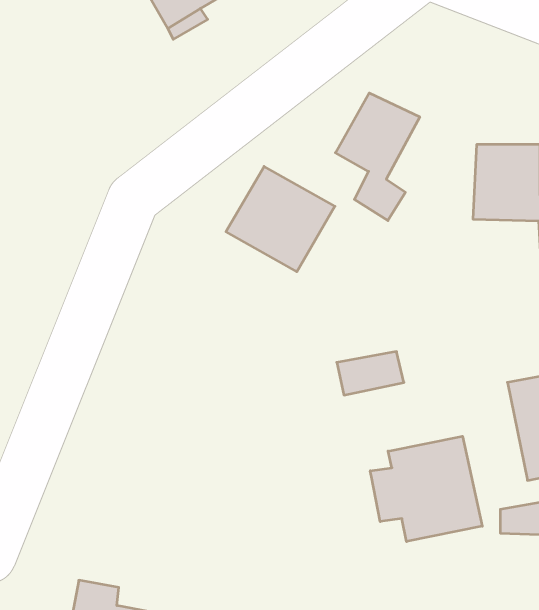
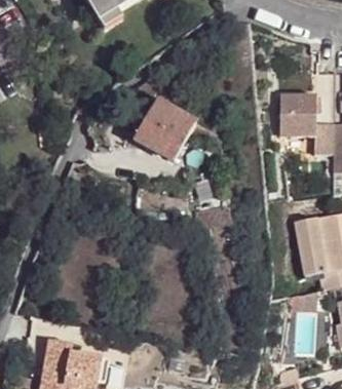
building: [335,93,420,221] -> none
building: [370,436,482,542] -> none

